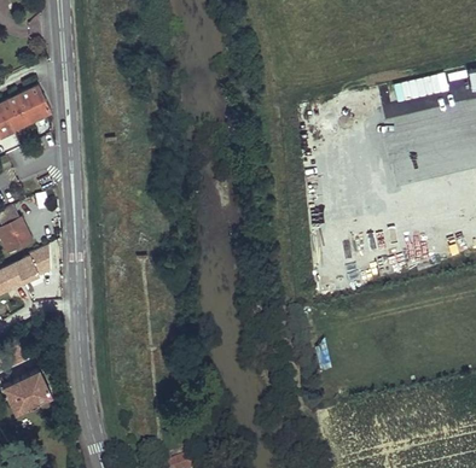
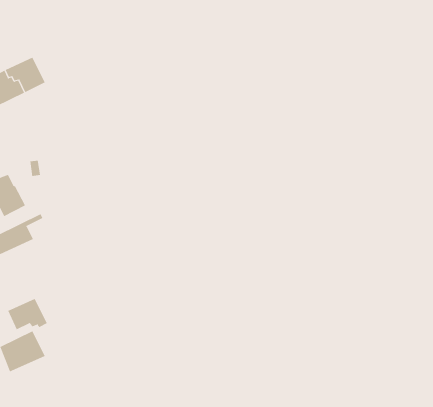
building: none -> [8,298,47,330]

